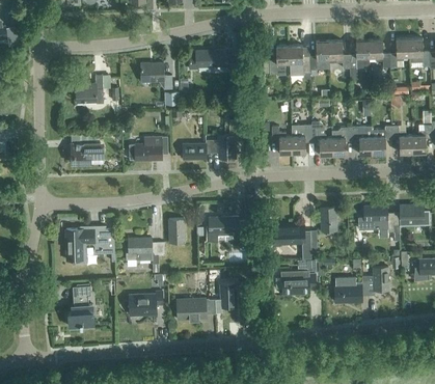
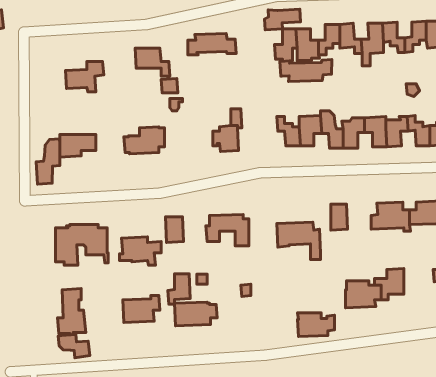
building: none -> [265,9,301,30]
building: none -> [280,60,332,81]
building: [183,140,212,159] -> none
building: none -> [36,139,60,184]
building: [281,272,316,294] -> [297,313,335,337]
building: [215,284,236,312] -> [168,274,190,304]
building: none -> [58,335,90,358]

